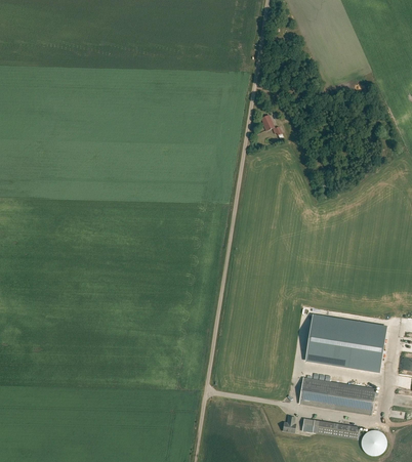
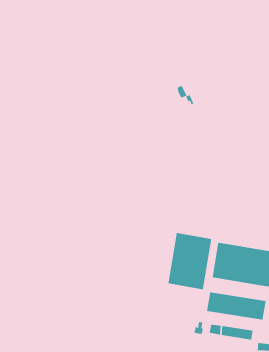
building: none -> [168,232,212,290]

